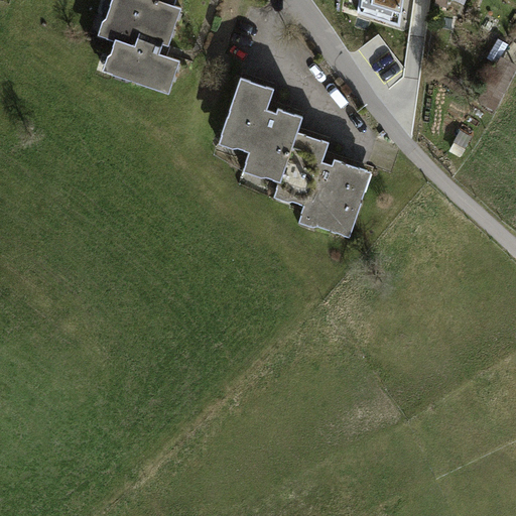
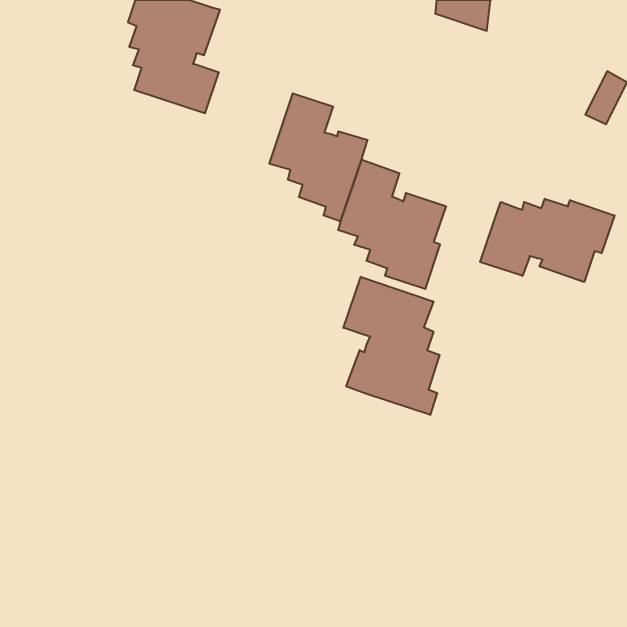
building: none -> [480,199,615,282]
building: none -> [343,277,440,415]

